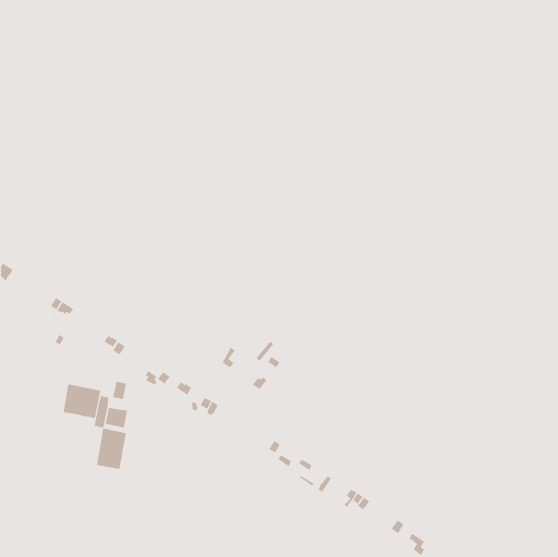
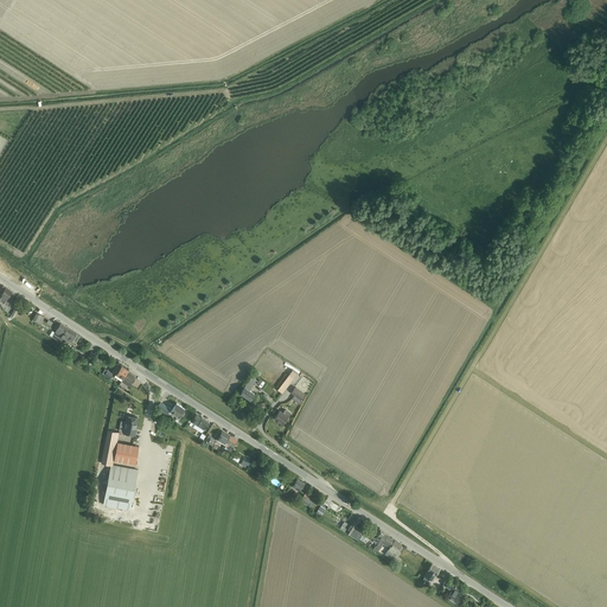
building: [63,384,101,419] -> none

